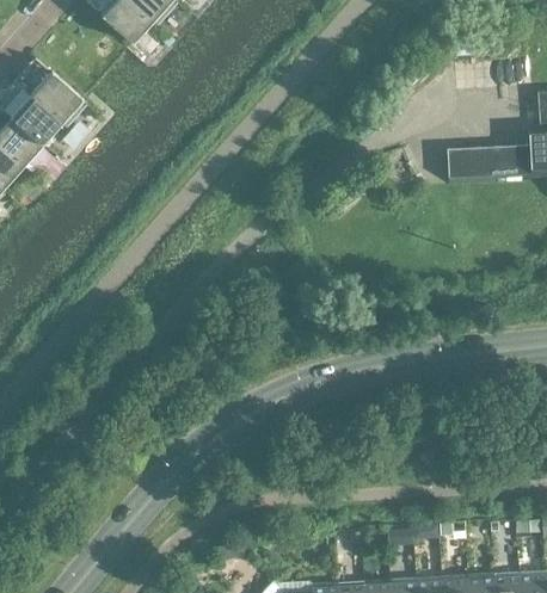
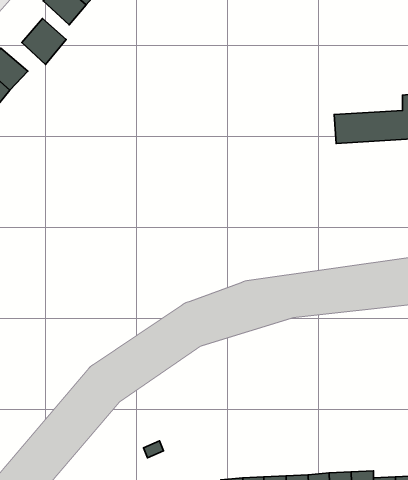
building: none -> [22,19,66,64]

